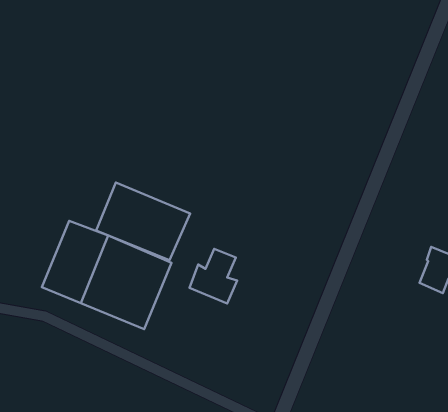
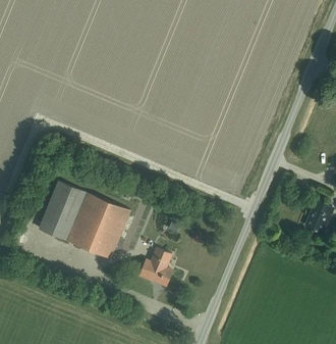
building: [96,183,190,260] -> none
building: [190,249,237,304] -> [139,248,173,287]

